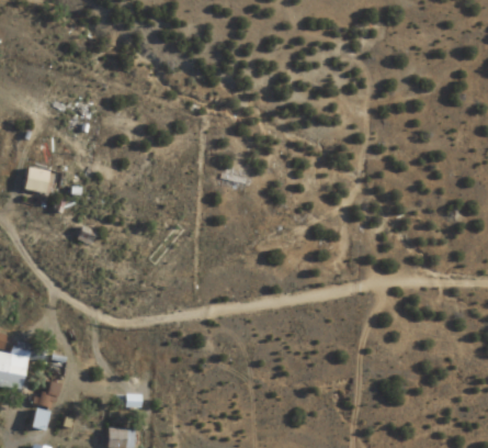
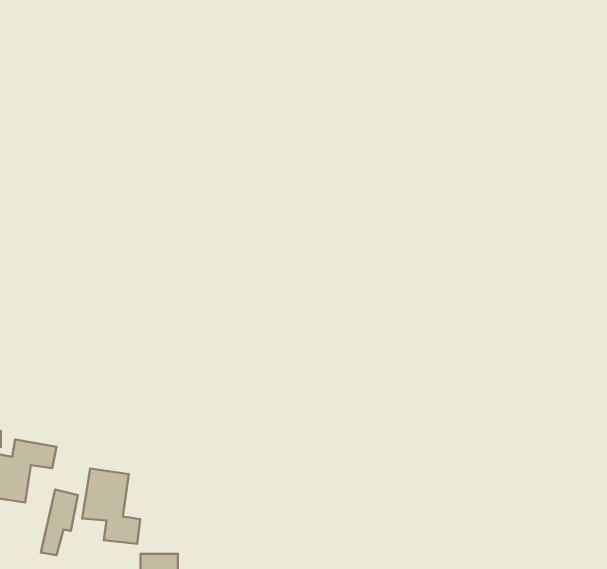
building: [26,169,48,192] -> none
building: none -> [82,468,140,544]

